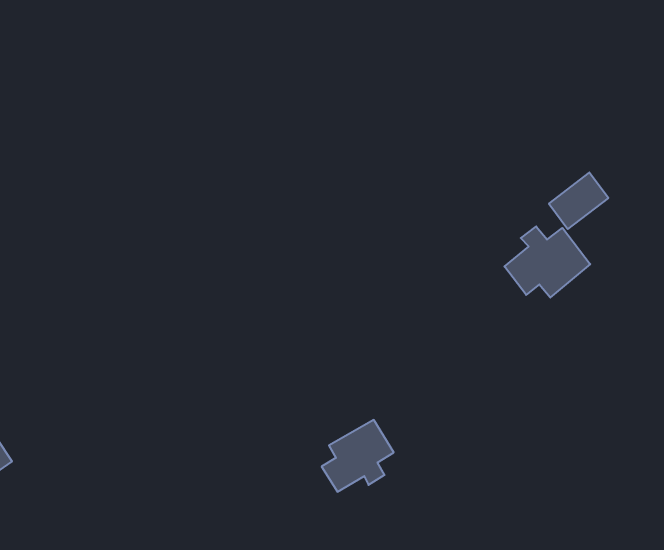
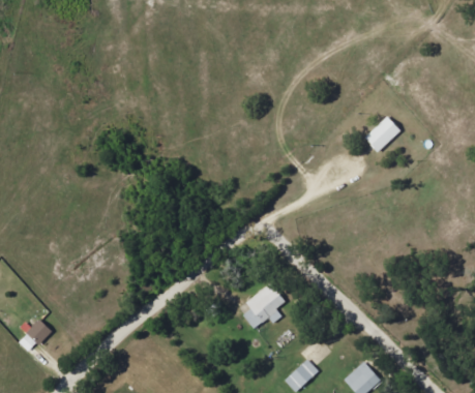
building: [504,226,590,298] -> none

